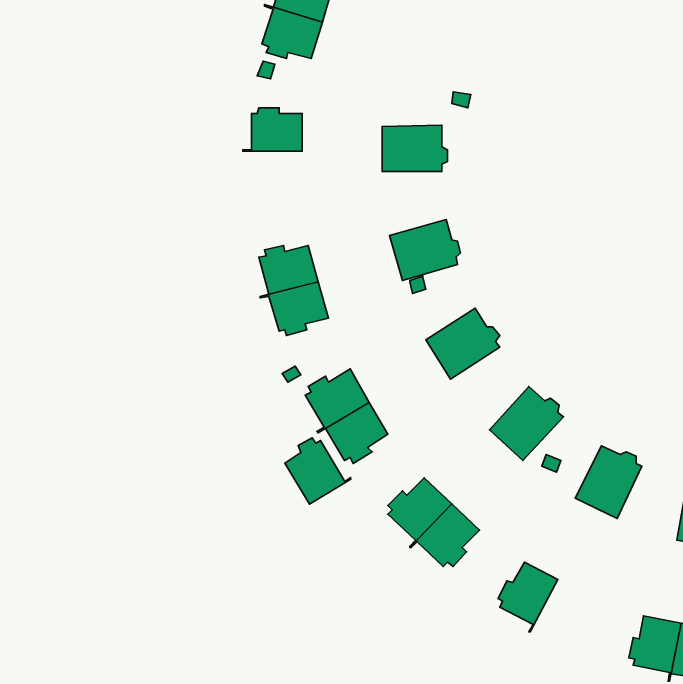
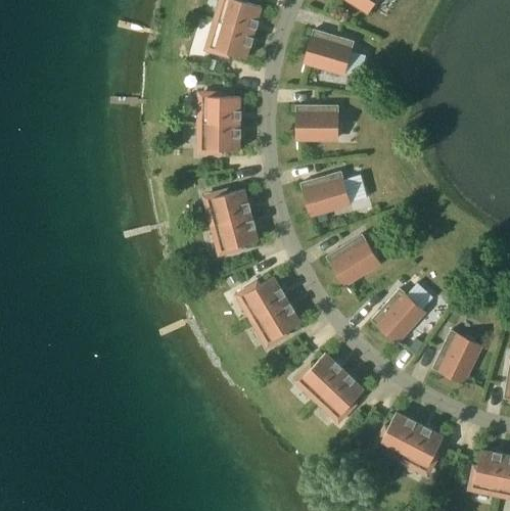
building: none -> [305,31,354,73]
building: none -> [203,124,240,155]
building: [285,438,351,504] -> none
building: none -> [401,425,444,469]

